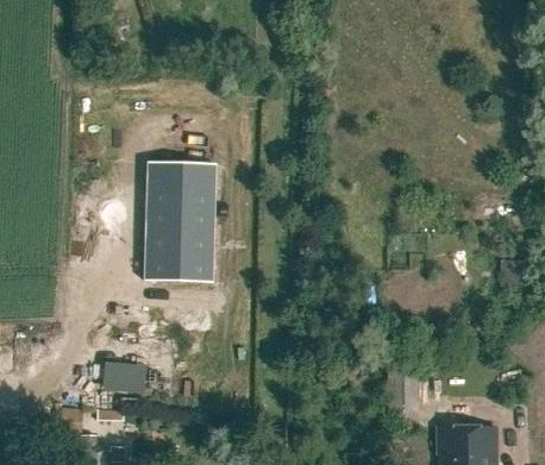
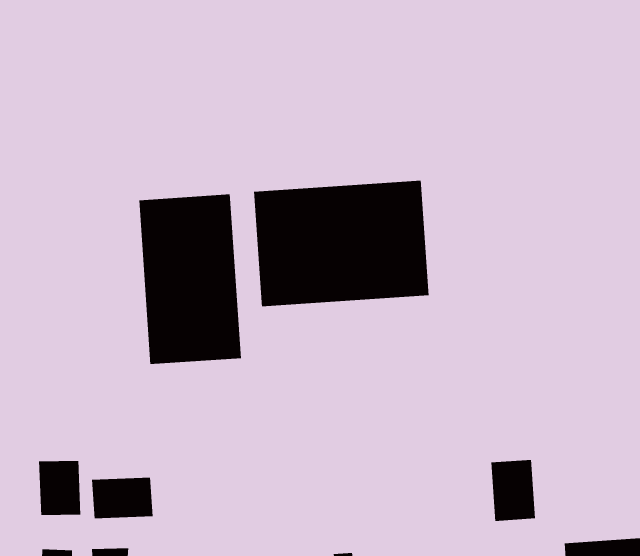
building: none -> [254,180,429,307]
building: none -> [39,460,81,516]

